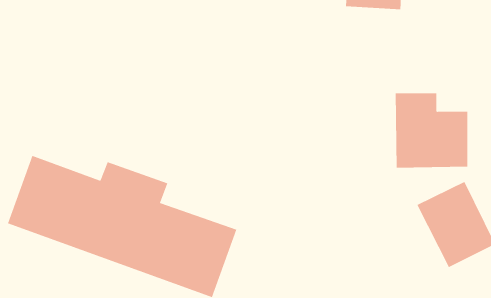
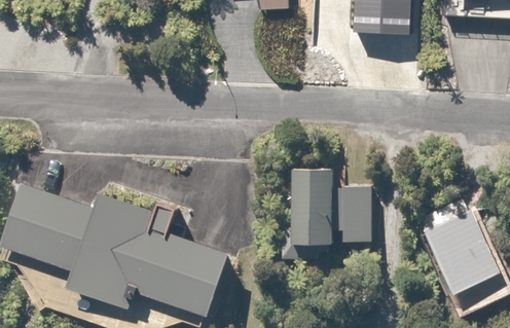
building: [395,93,468,168] -> [300,168,373,243]

